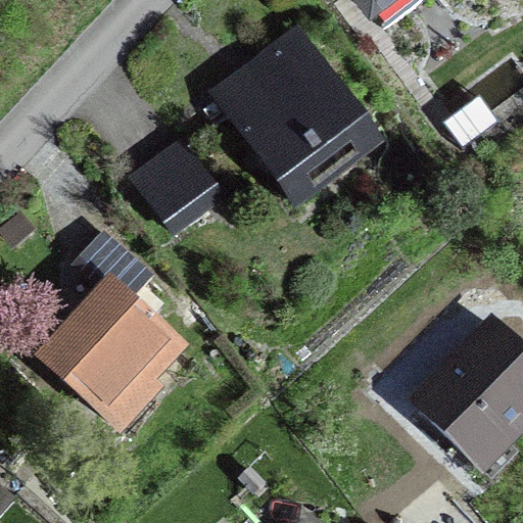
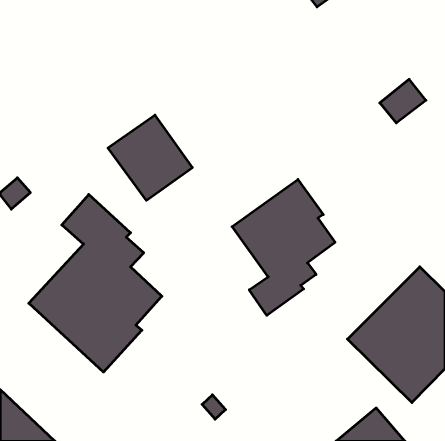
building: [208,22,383,205] -> none
building: none -> [232,179,335,315]

